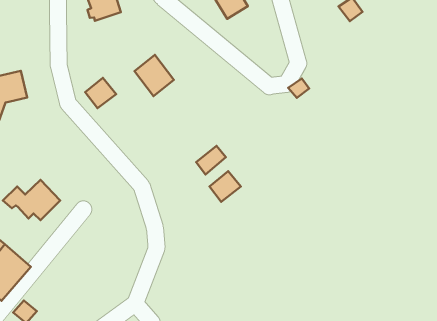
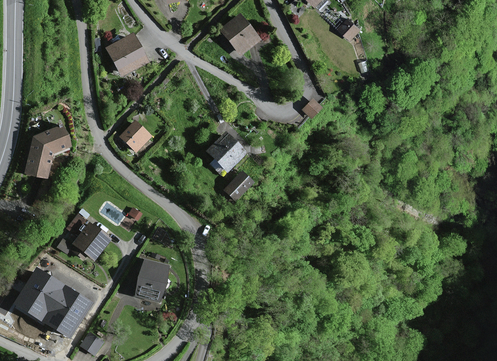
building: [135,55,174,96] -> [209,131,245,168]
building: [210,171,241,202] -> none
building: none -> [136,257,169,299]

